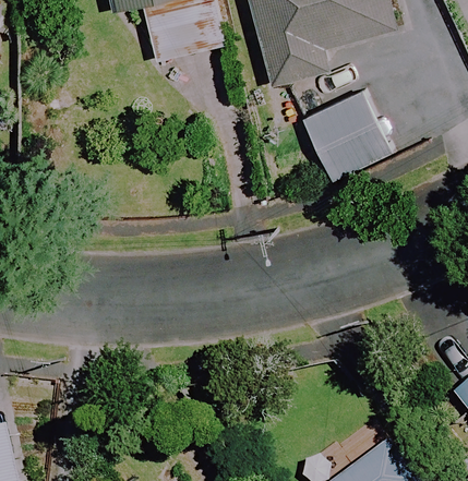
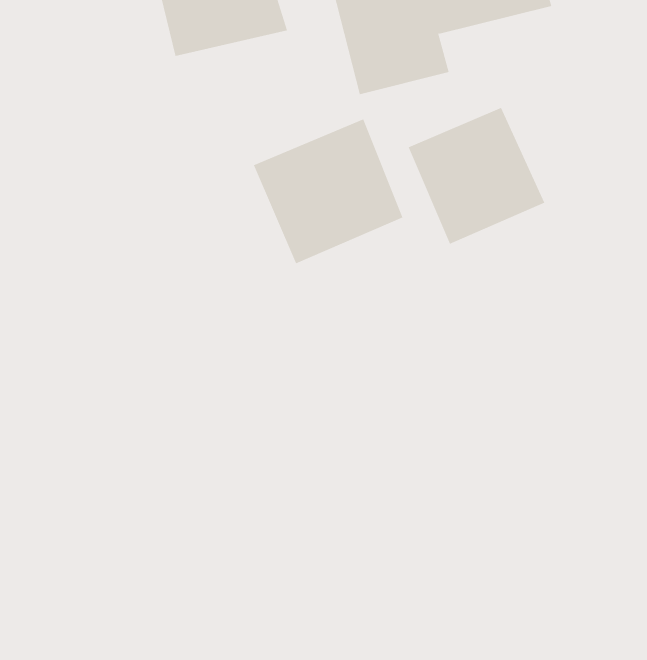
building: none -> [253,118,403,264]

